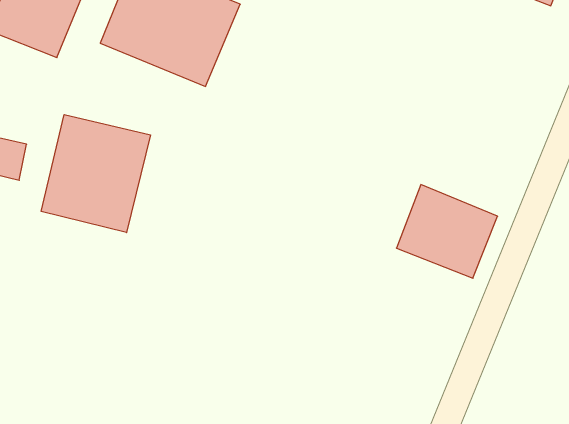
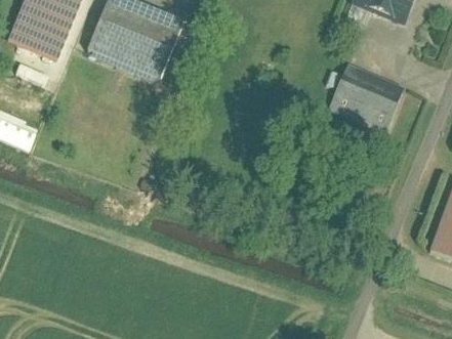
building: [41,115,150,233] -> none
building: [396,185,498,278] -> [332,63,404,130]

